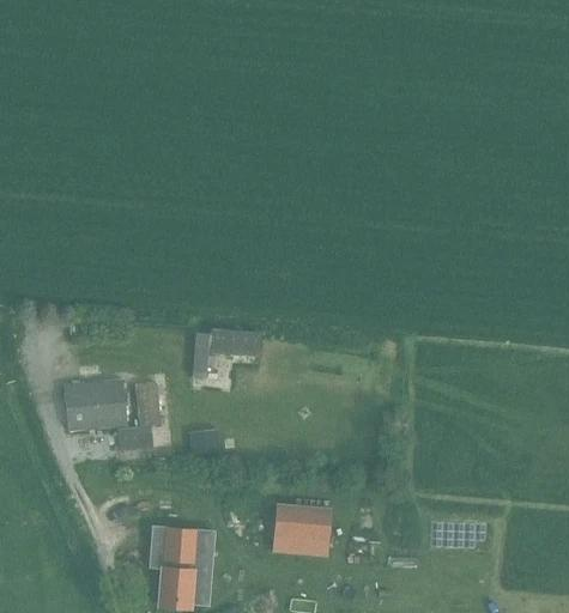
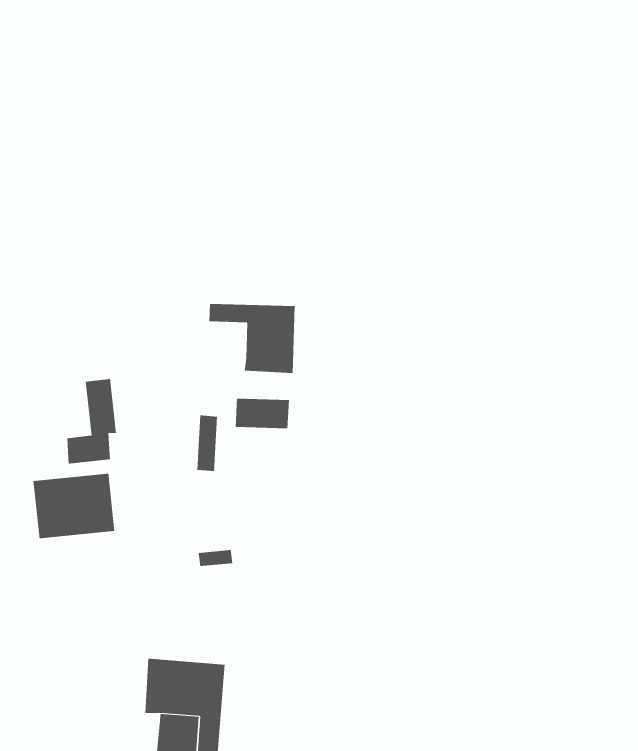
building: none -> [209,303,295,374]
building: [120,383,159,450] -> [66,378,117,464]
building: [276,509,331,548] -> none

